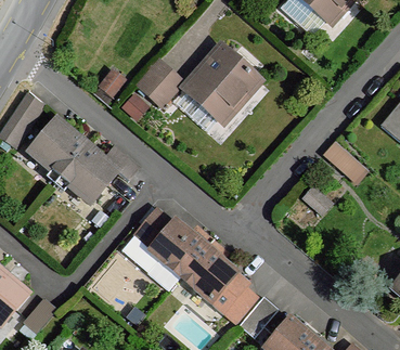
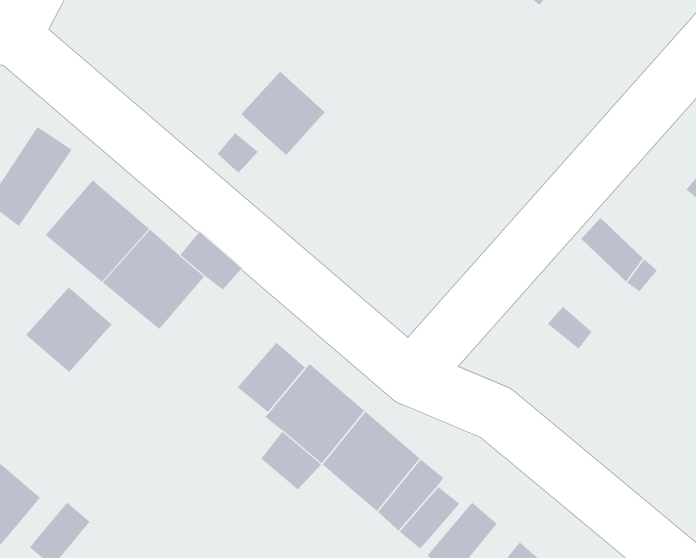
building: [189,49,258,119] -> none
building: none -> [25,286,113,373]

